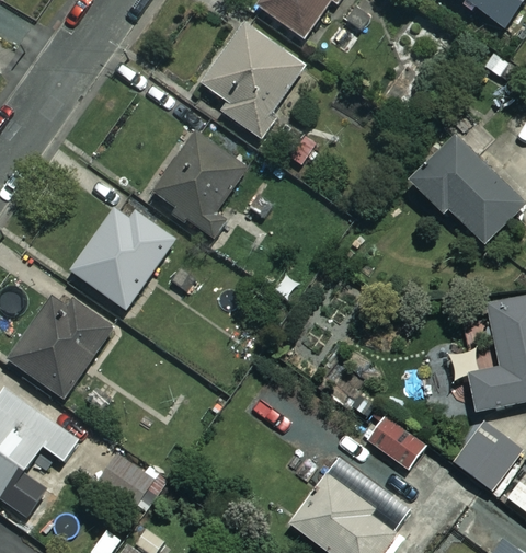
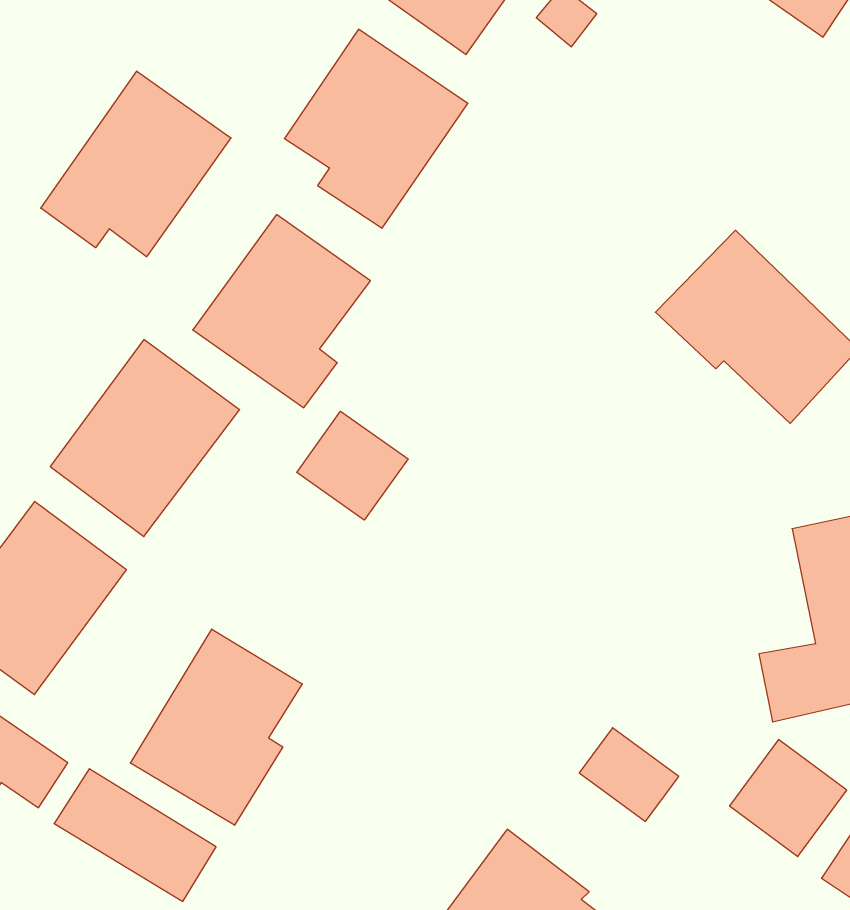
building: none -> [41,71,231,257]
building: none -> [297,411,408,520]
building: none -> [130,629,302,825]

